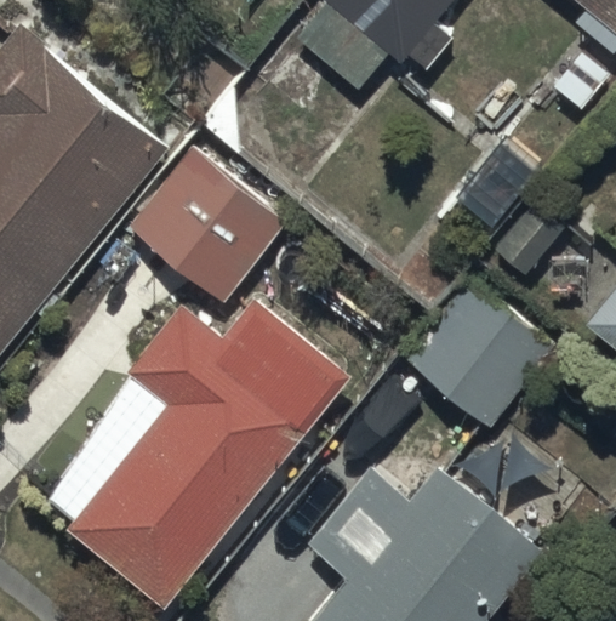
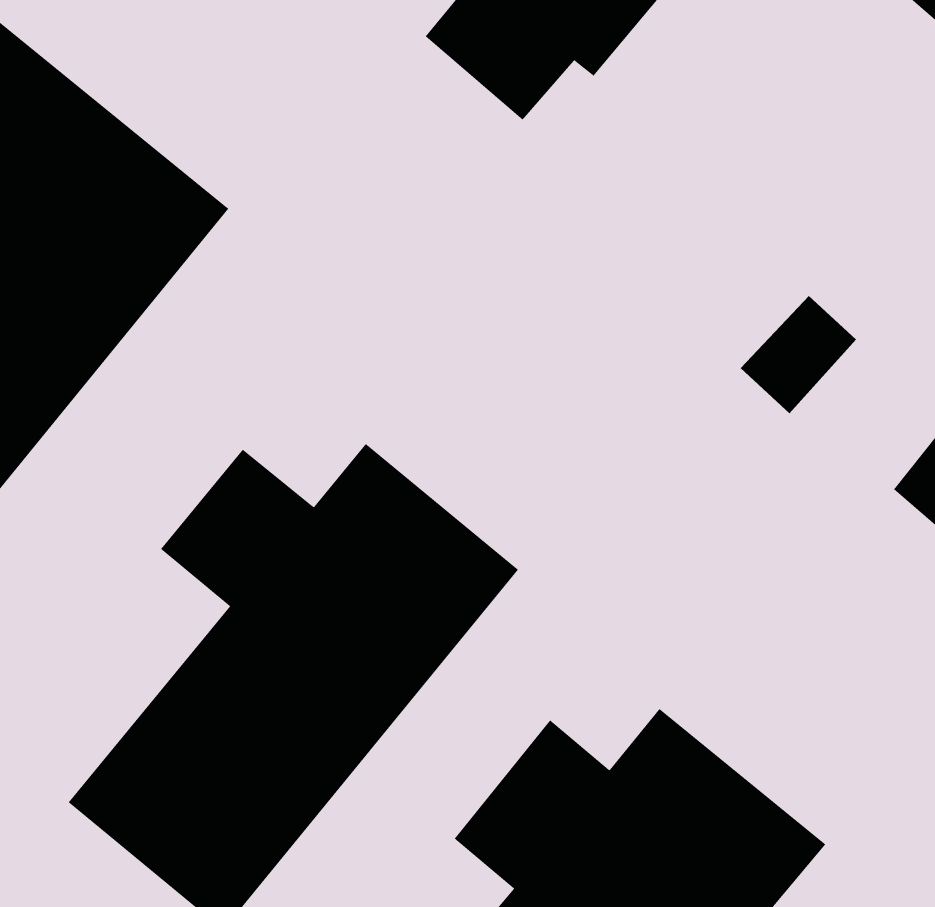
building: [127,149,287,306] -> none
building: [406,284,553,429] -> none

